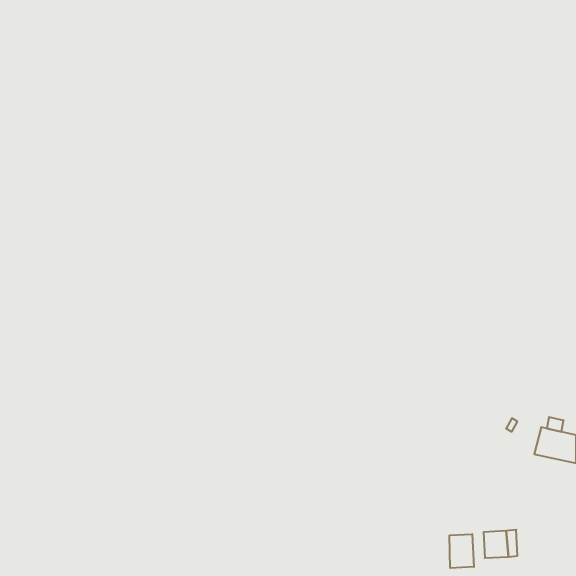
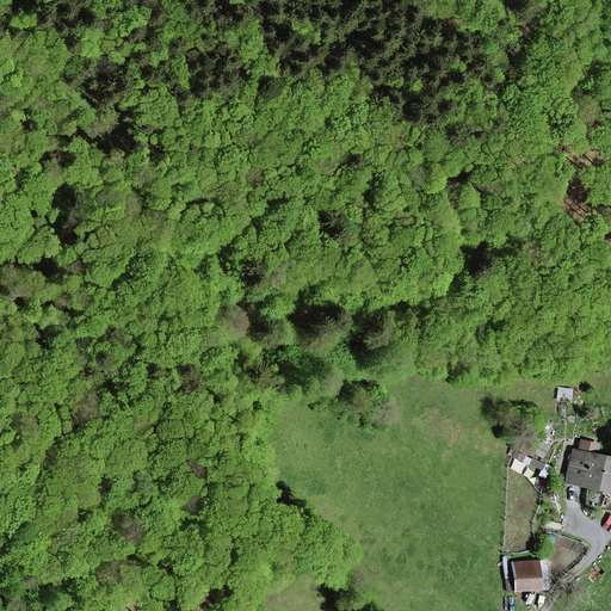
building: [450,534,474,568] -> none

